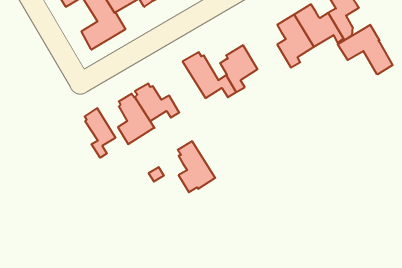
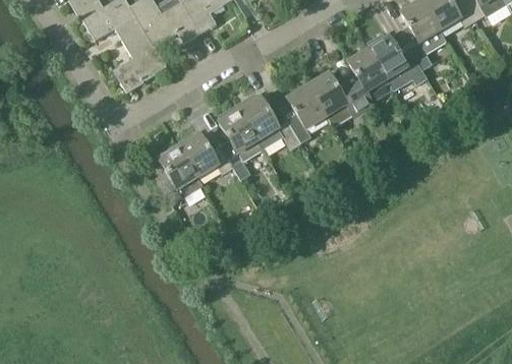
building: [338,25,393,74] -> none
building: none -> [307,73,364,125]
building: [85,108,115,158] -> none
building: [178,141,215,192] -> [218,105,263,166]

